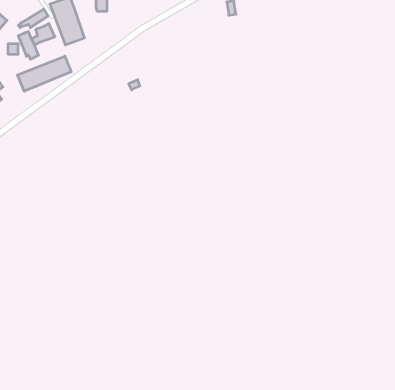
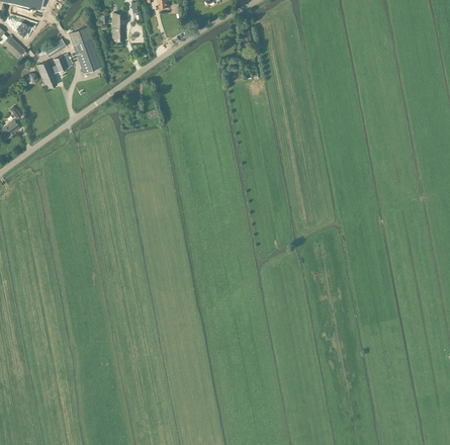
building: [17,56,71,91] -> none

